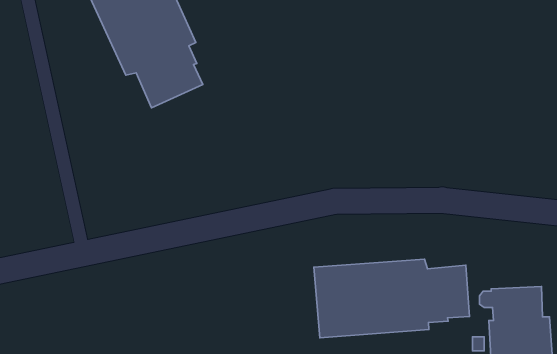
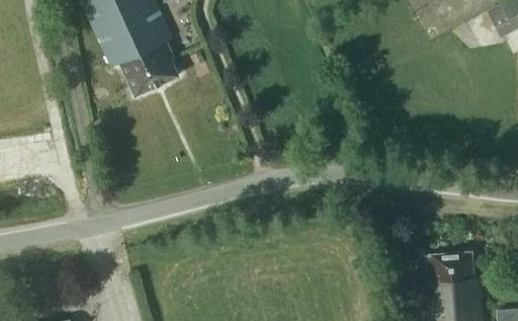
building: [314,259,470,338] -> none

